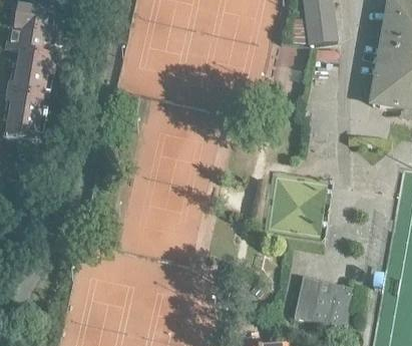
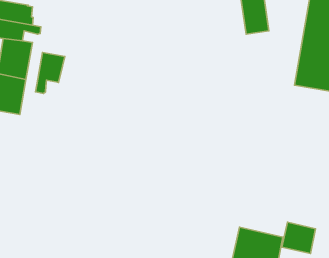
building: none -> [36,52,65,94]
building: none -> [282,222,315,253]

